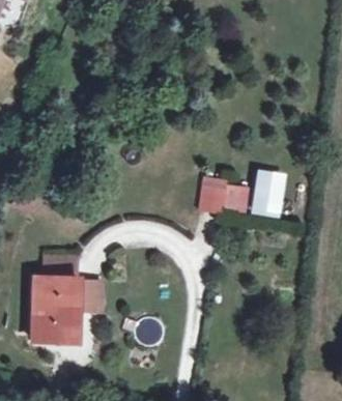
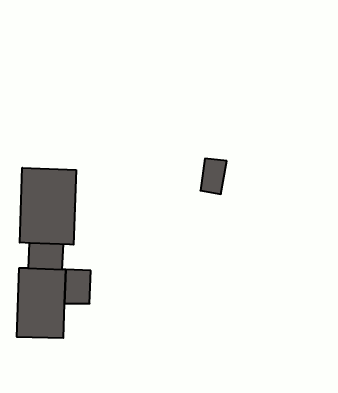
building: [249,171,282,218] -> none
building: none -> [20,168,76,245]

